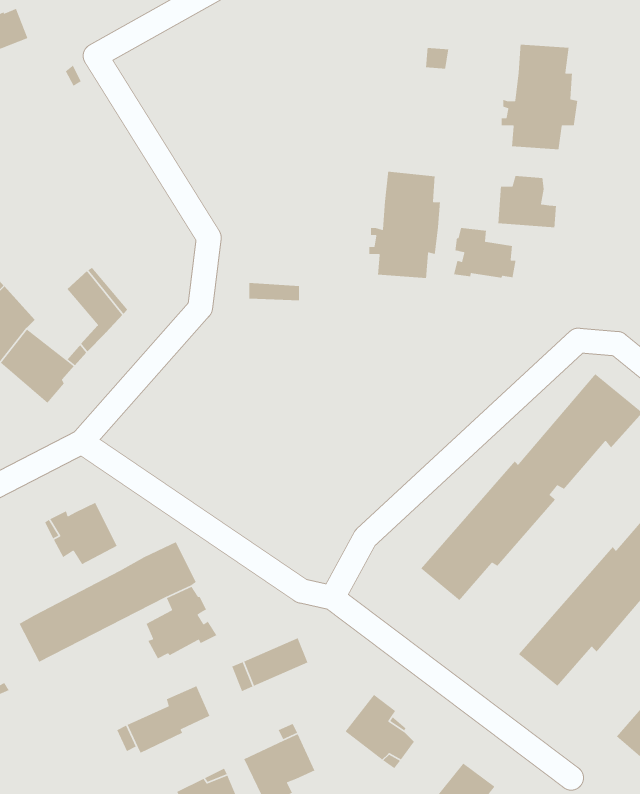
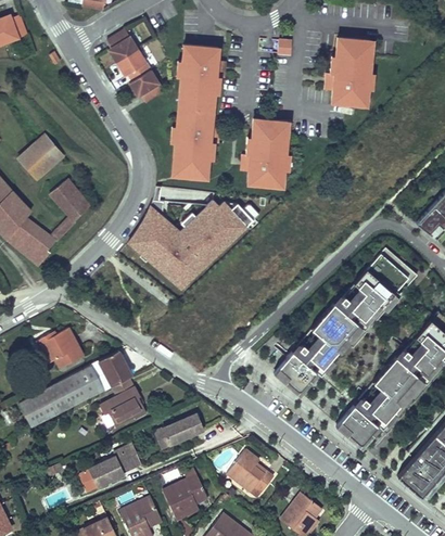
building: none -> [107,29,164,102]
building: none -> [174,46,226,179]
building: [497,175,557,228] -> none
building: none -> [18,135,63,179]
building: [453,227,516,278] -> none
building: none -> [128,199,252,293]

